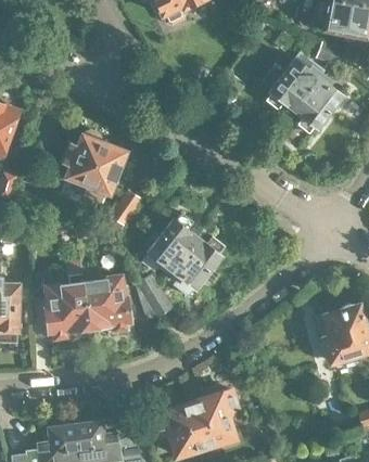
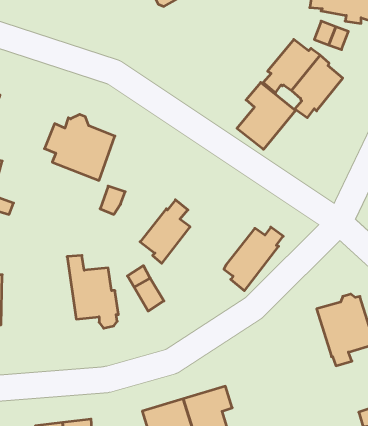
building: none -> [237,82,296,149]
building: [168,236,225,297] -> [224,227,283,291]
building: [46,266,89,342] -> none

